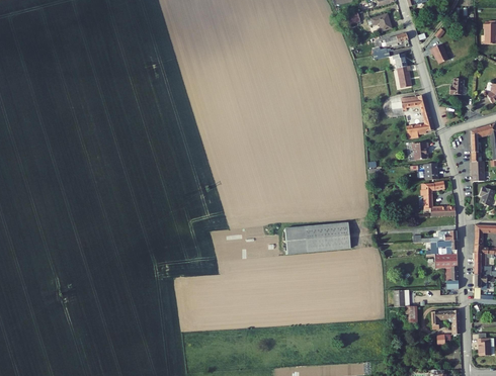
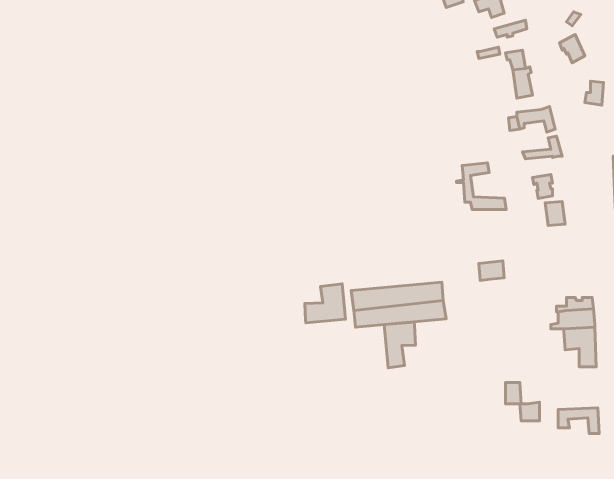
building: [418,182,453,215] -> [456,163,506,209]
building: none -> [305,284,345,323]
building: none -> [384,322,416,368]

